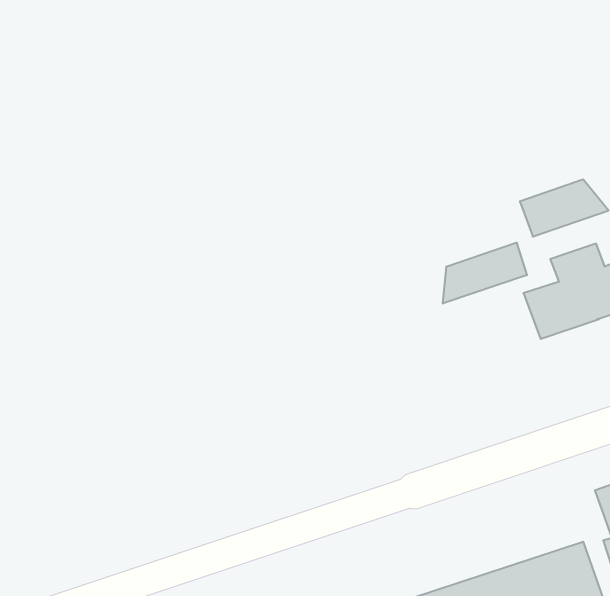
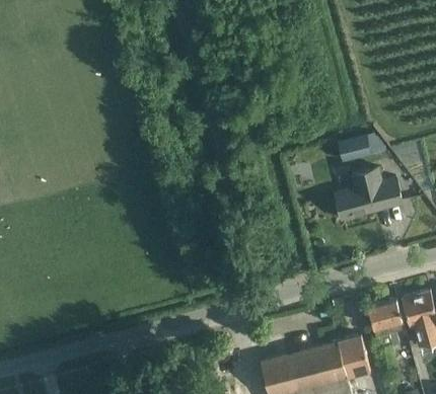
building: [443,243,527,304] -> none

